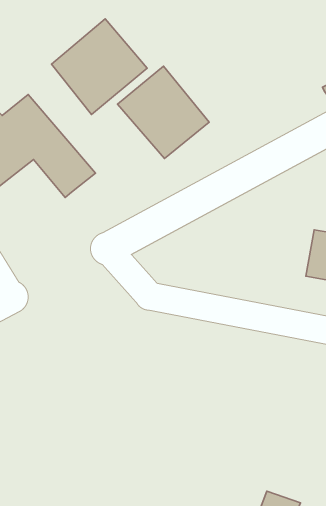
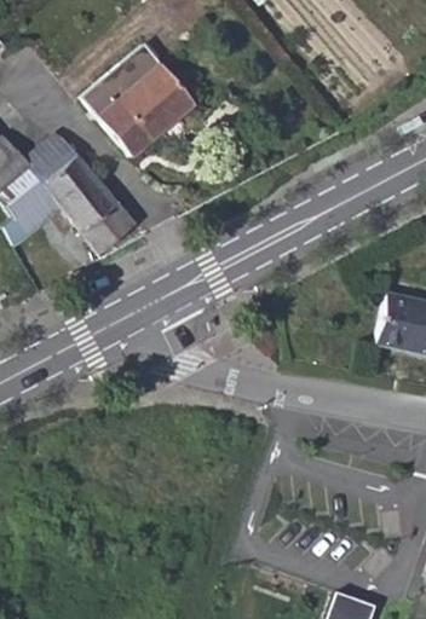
building: [118,66,209,159] -> none

